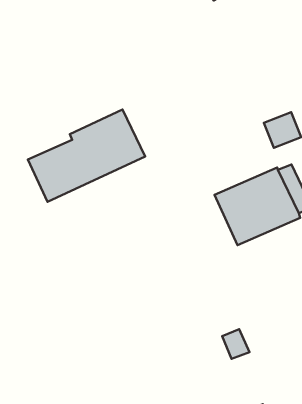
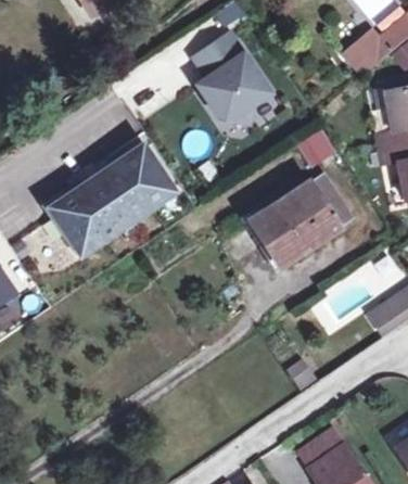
building: none -> [195,34,271,120]

